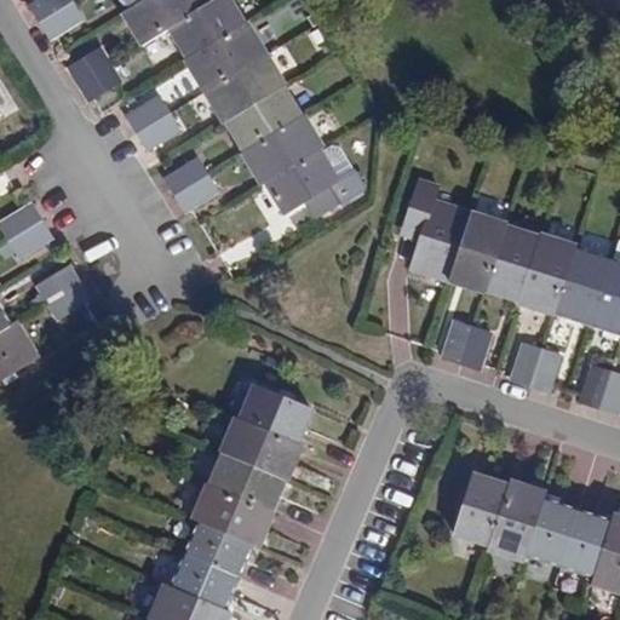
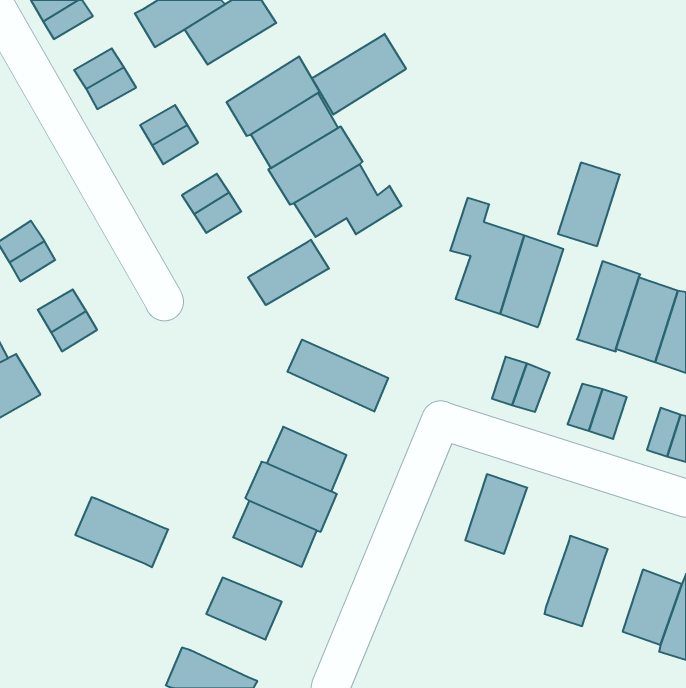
building: [184,19,269,92] -> [312,34,406,115]
building: none -> [248,240,329,305]
building: [484,228,540,303] -> [558,163,620,246]
building: none -> [288,340,388,412]
building: [455,475,511,546] -> [465,474,527,554]
building: [191,482,275,545] -> [75,497,168,567]
building: [526,500,578,568] -> none
building: [171,552,239,609] -> none

